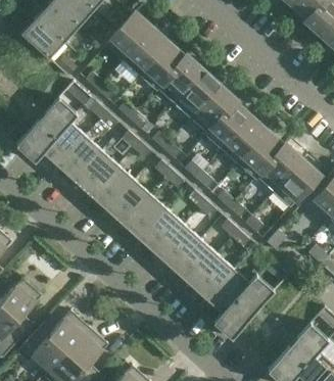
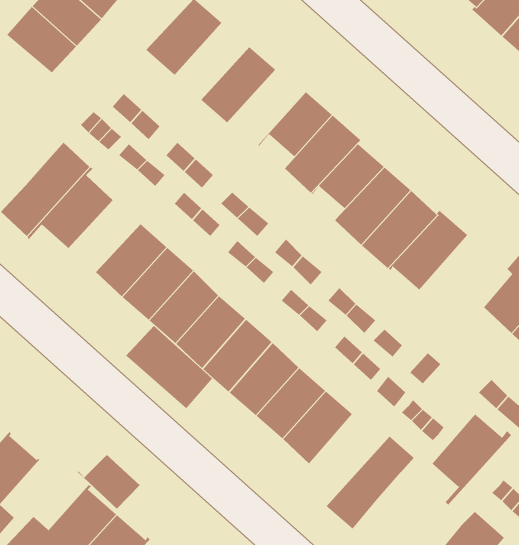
building: [123,28,169,75] -> none
building: [155,53,203,102] -> none
building: [58,136,102,180] -> none
building: [273,157,320,206] -> none
building: none -> [125,325,213,409]
building: [205,267,254,323] -> [432,413,512,505]
building: none -> [77,446,141,509]

